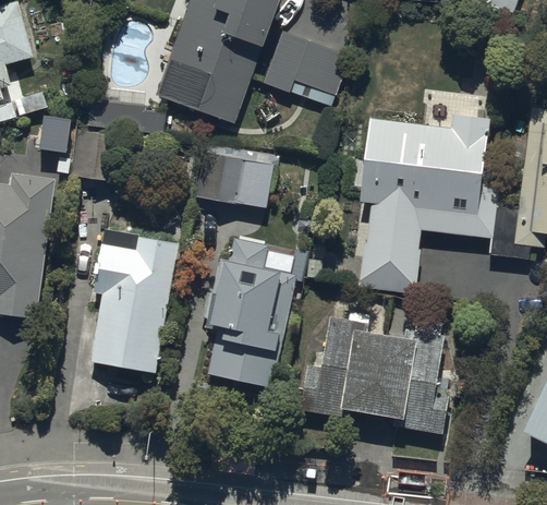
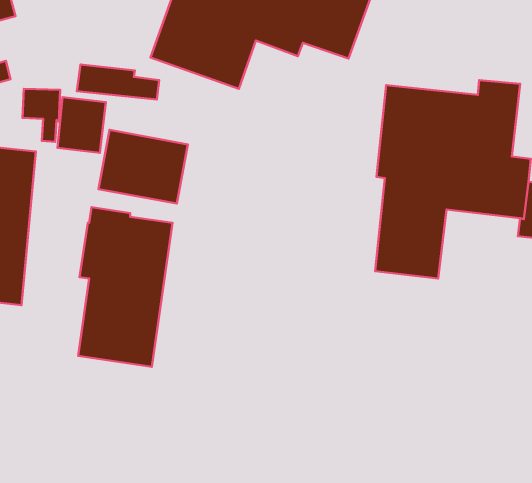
building: [195,143,276,209] -> [98,130,188,204]
building: [202,238,308,386] -> none
building: [301,311,452,434] -> none

